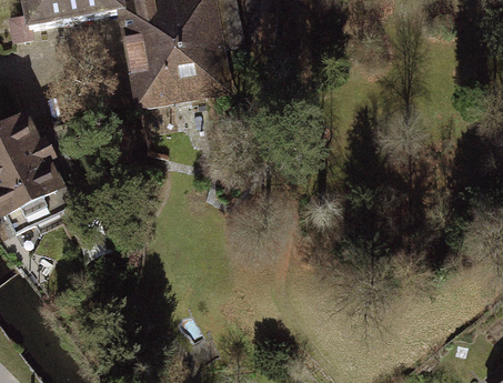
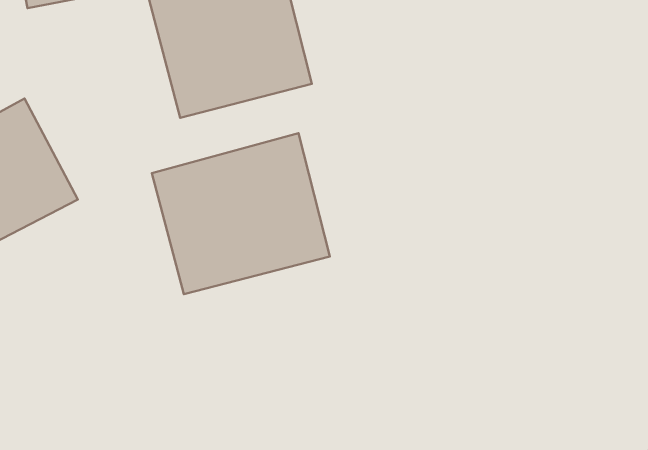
building: none -> [152,133,330,294]

